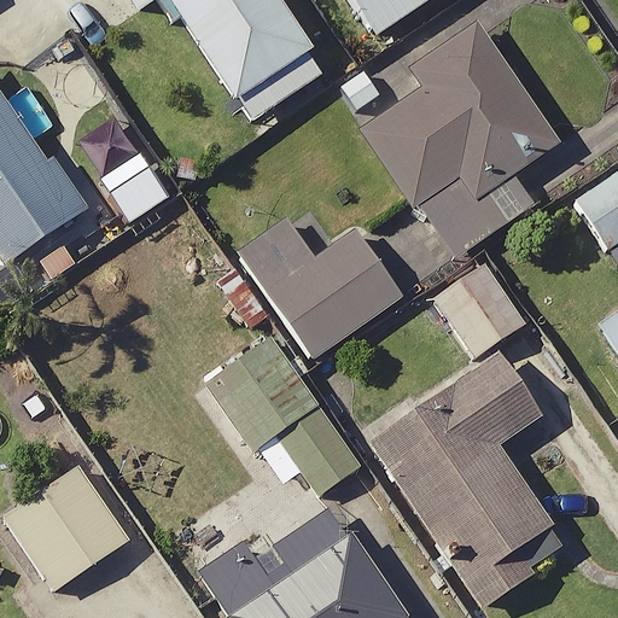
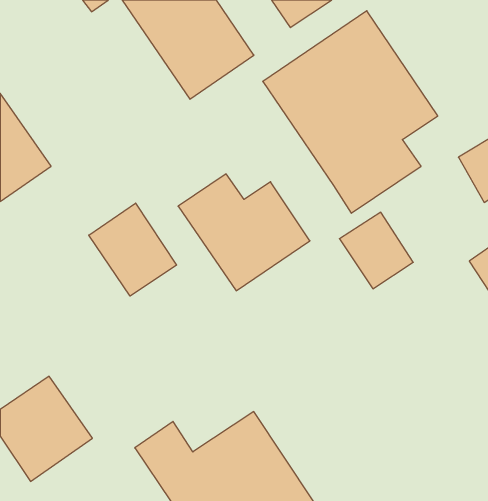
building: none -> [89,203,177,296]
building: [205,333,362,495] -> none
building: [375,355,570,605] -> none

